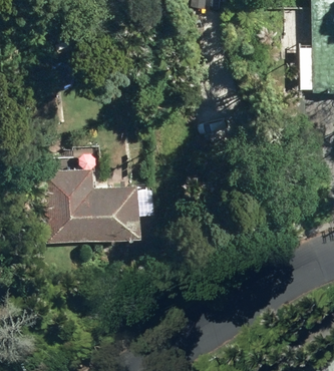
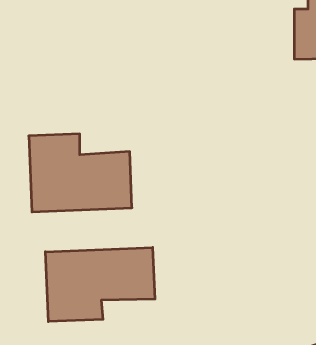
building: none -> [45,247,155,322]

